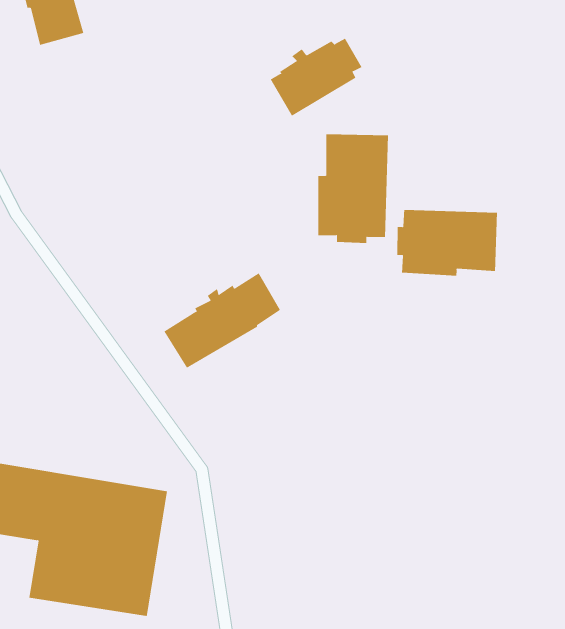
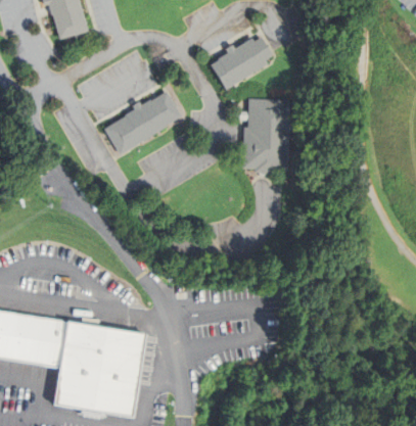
building: [397,209,498,277] -> none
building: [163,273,281,369] -> [104,89,182,152]

